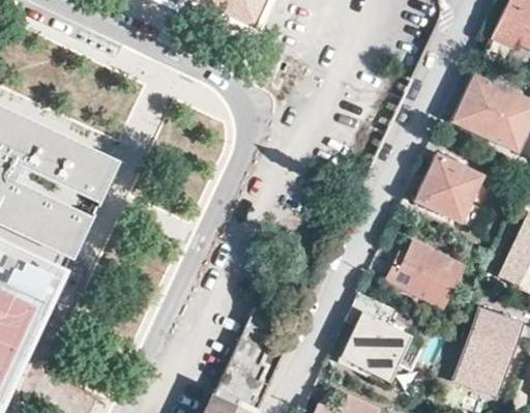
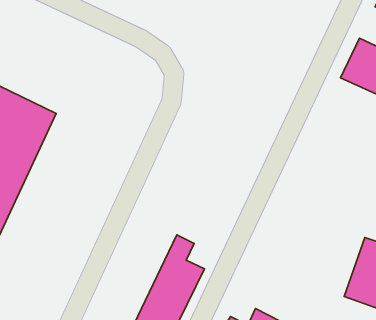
building: [413,154,483,224] -> none
building: [386,242,463,306] -> none
building: [340,306,413,386] -> none

